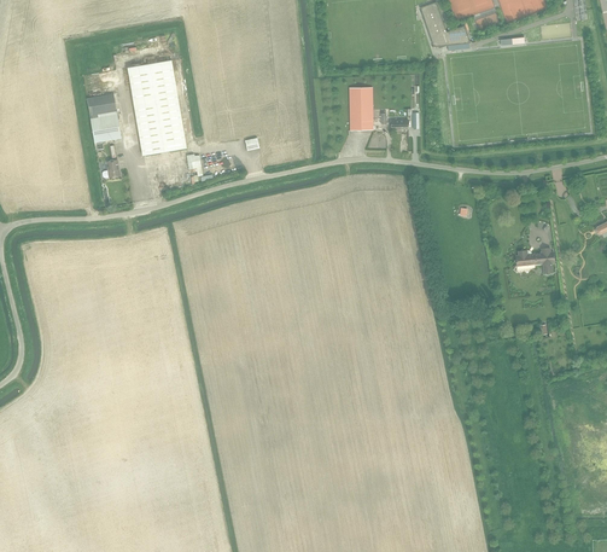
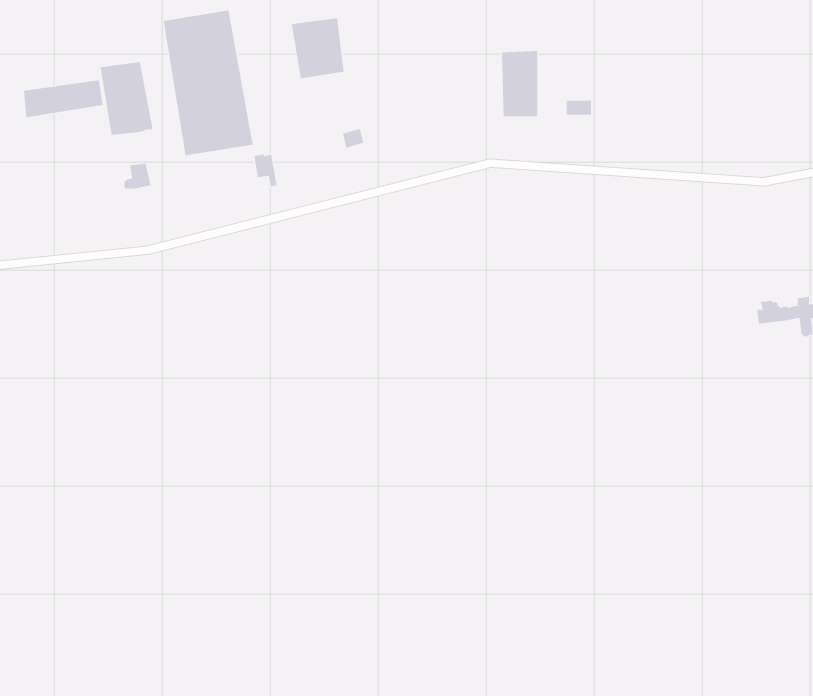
building: none -> [291,17,344,79]
building: none -> [24,80,103,118]

